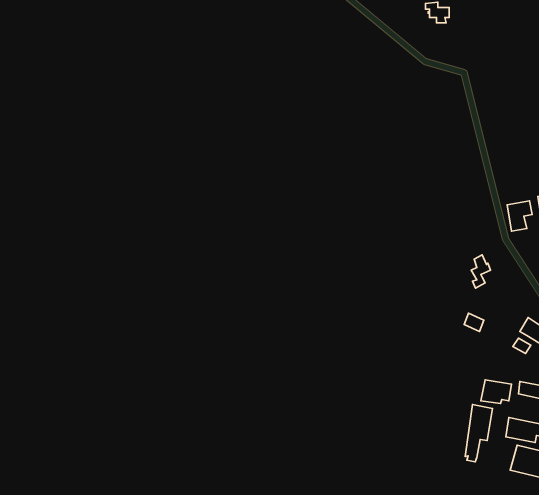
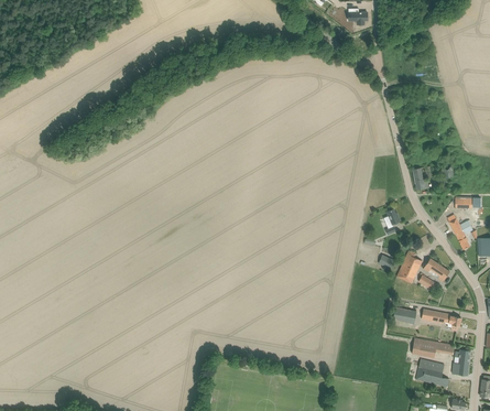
building: none -> [396,251,422,284]
building: [465,404,492,462] -> none

